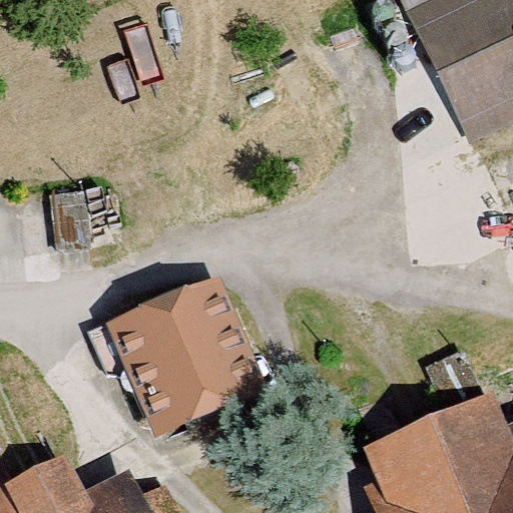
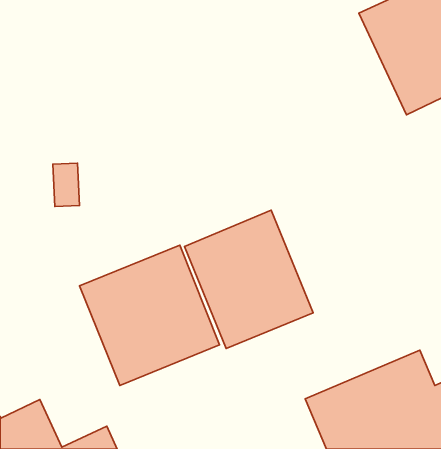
building: none -> [185,210,313,348]

